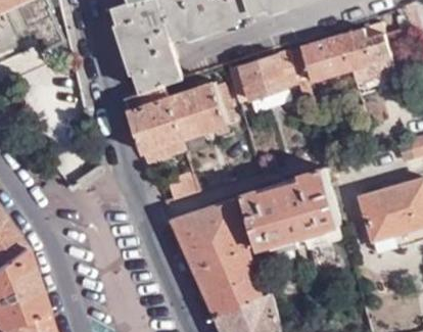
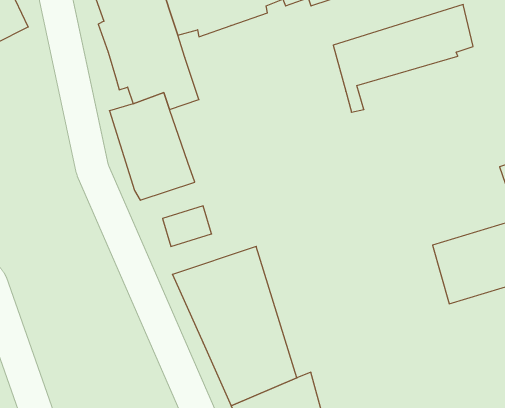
building: [229,51,297,102] -> none
building: [169,82,234,137] -> none
building: [242,169,337,247] -> none

